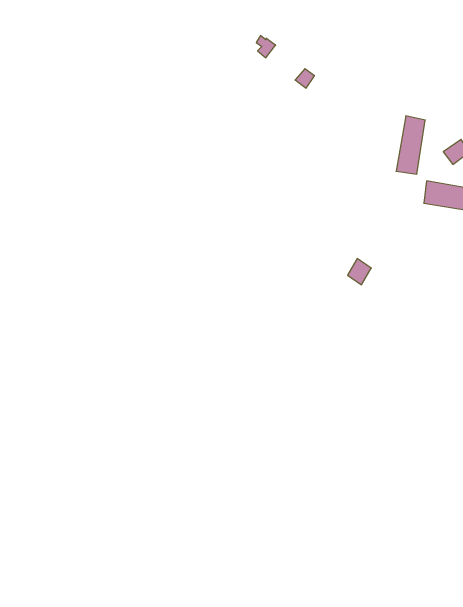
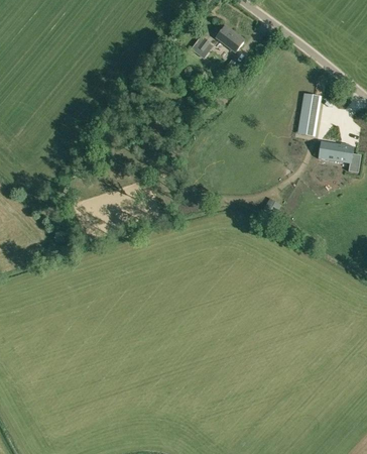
building: none -> [215,24,244,52]

